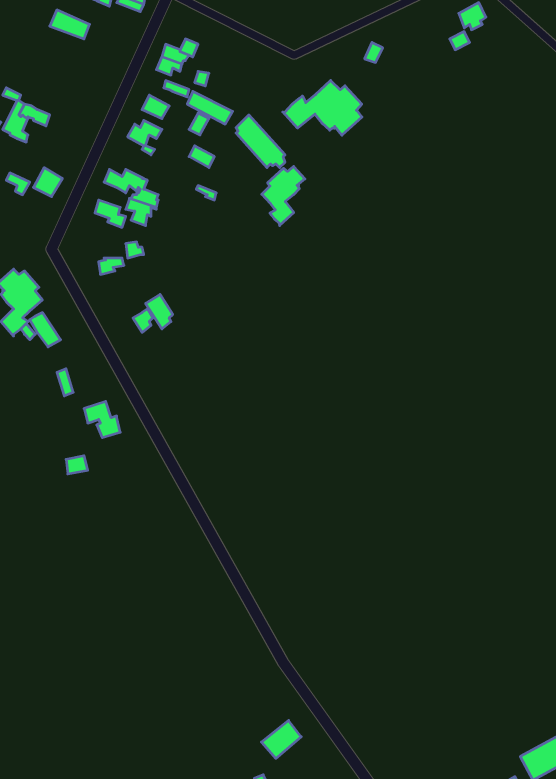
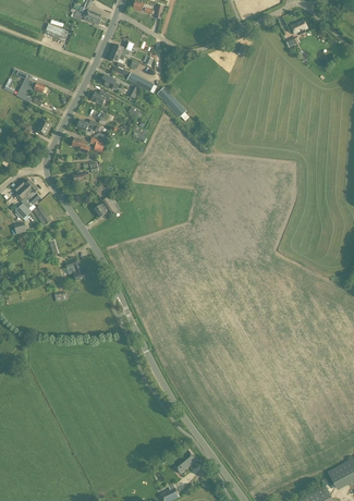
building: [283,80,362,135] -> none
building: [262,166,305,226] -> none

